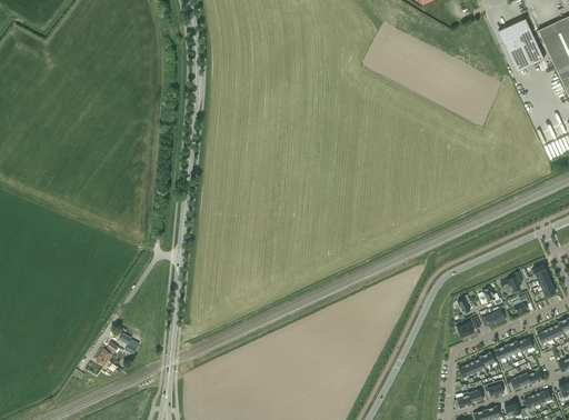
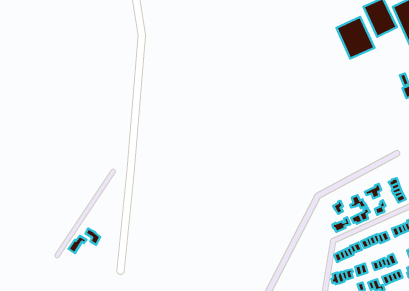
building: none -> [336,17,375,58]

